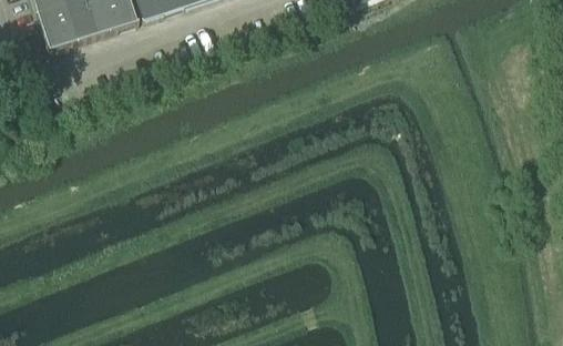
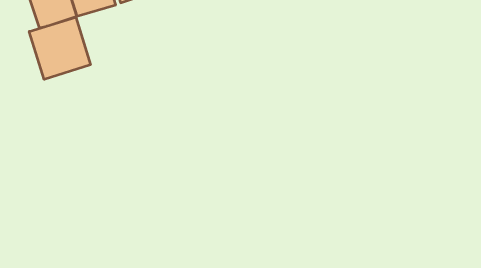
building: none -> [29,17,90,79]

